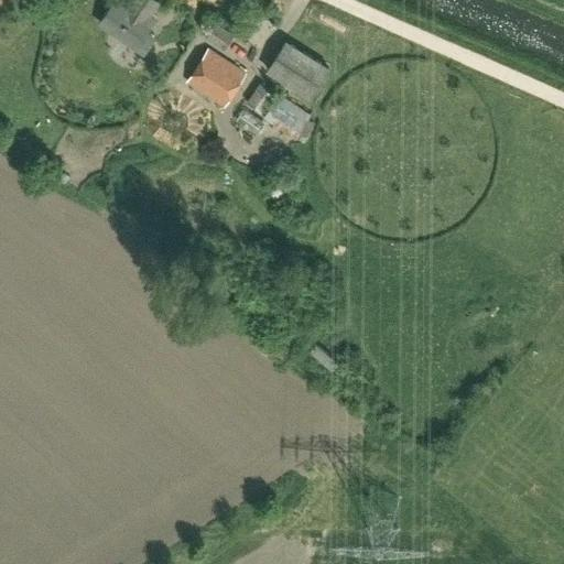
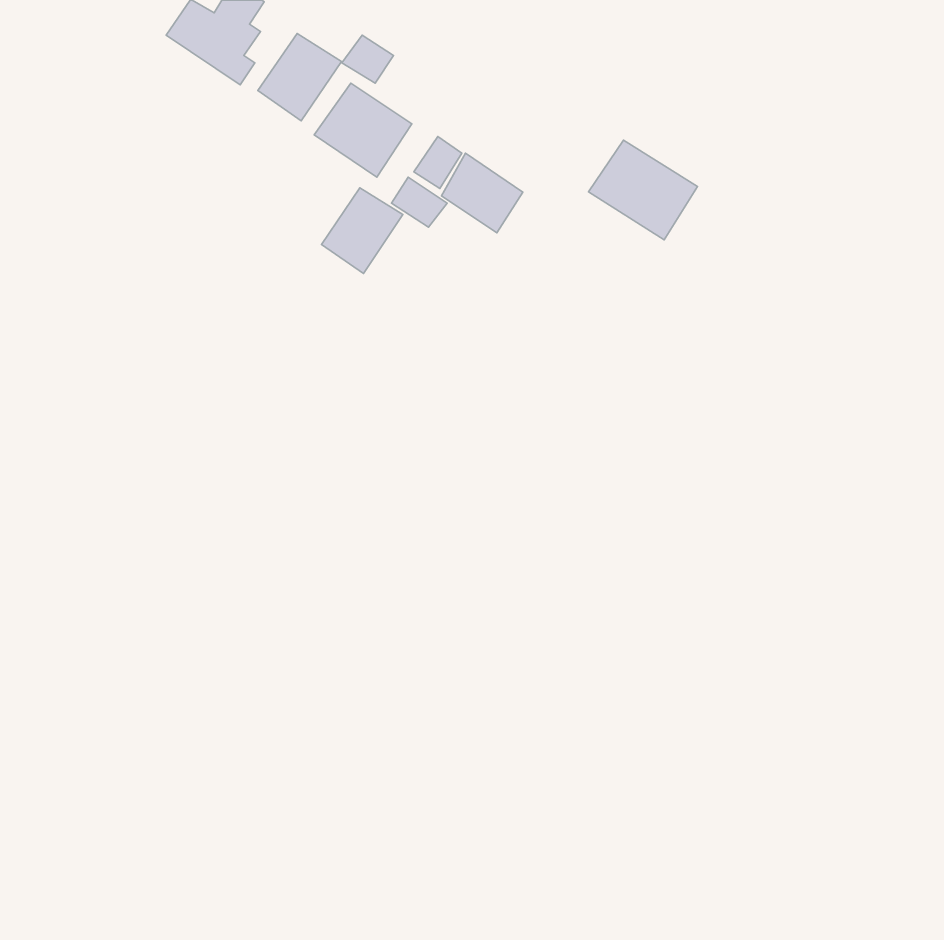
building: none -> [258,33,341,121]
building: [265,41,330,100] -> [588,140,697,240]
building: none -> [321,188,403,274]

